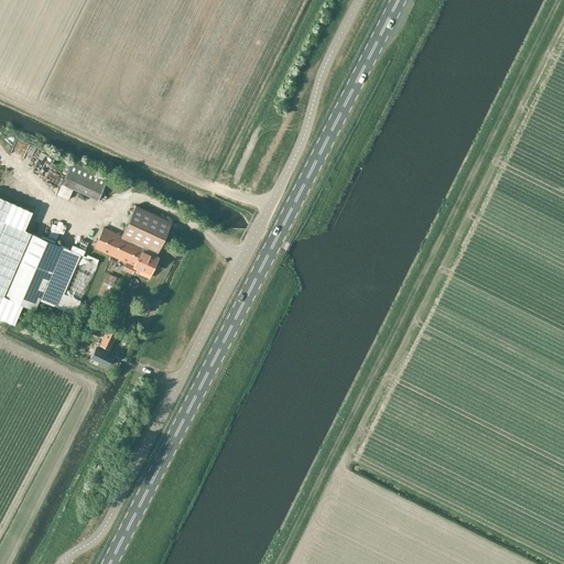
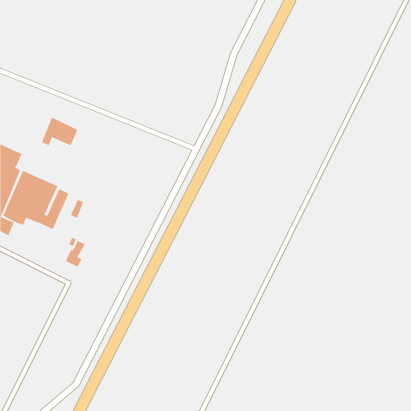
building: [93,206,171,278] -> none

